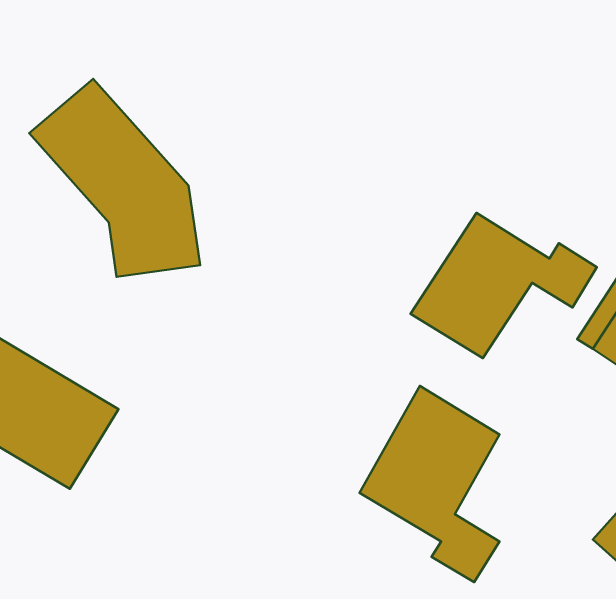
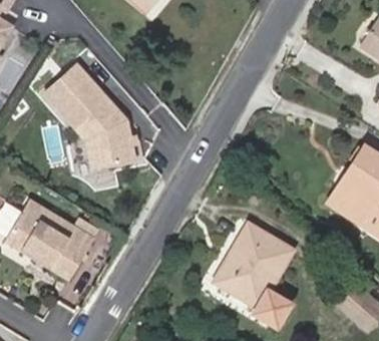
building: [410,213,597,358] -> none

